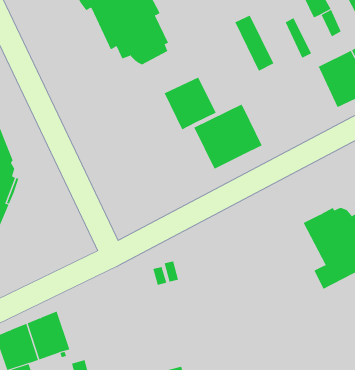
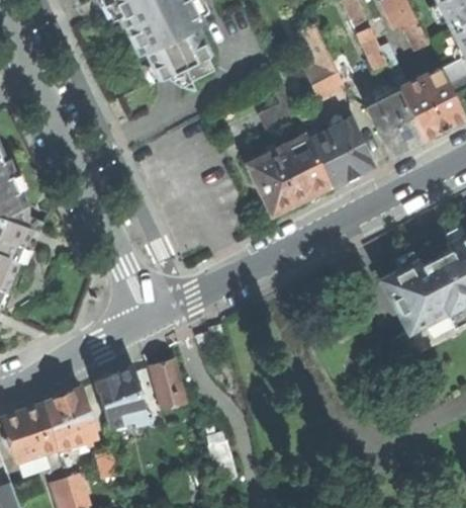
building: none -> [367,90,423,155]
building: [164,77,216,130] -> [308,118,373,184]
building: none -> [152,359,187,409]
building: none -> [94,366,146,427]

